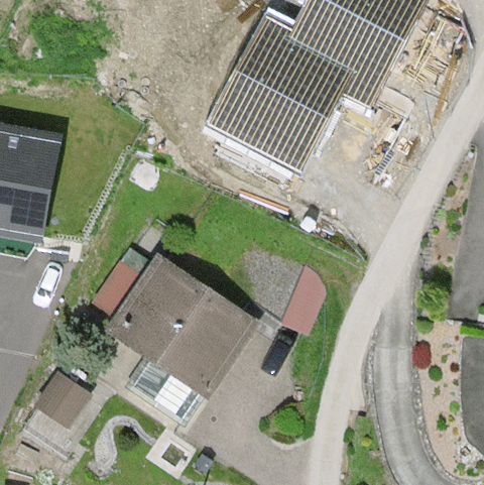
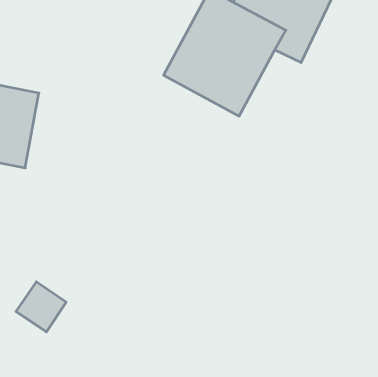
building: [104,250,251,390] -> none

